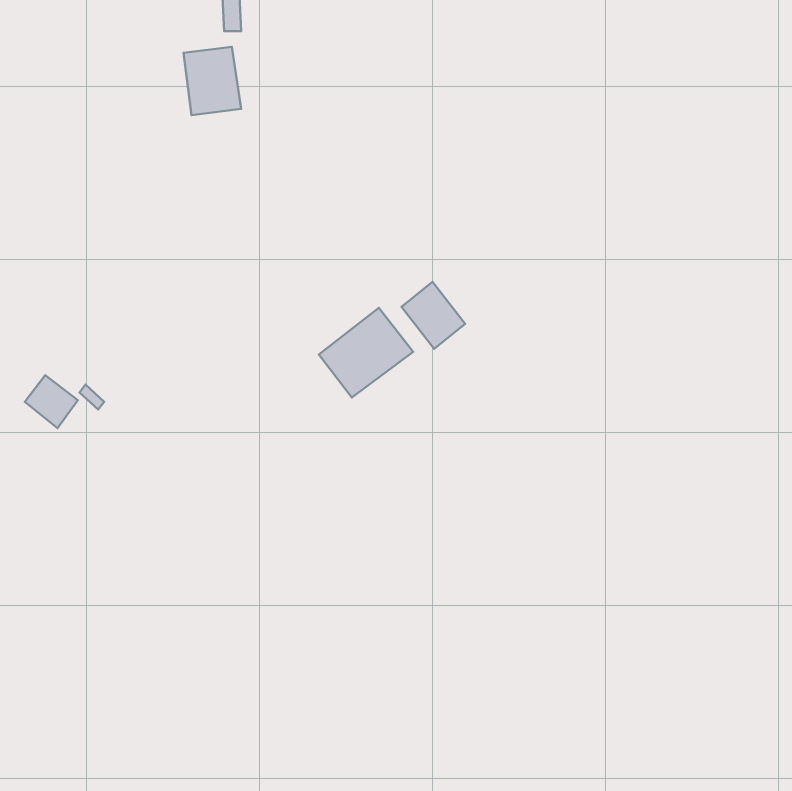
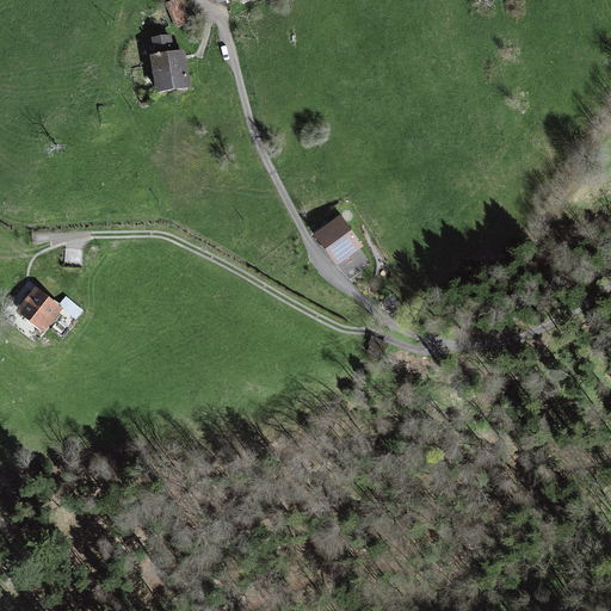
building: [319,308,413,397] -> none

